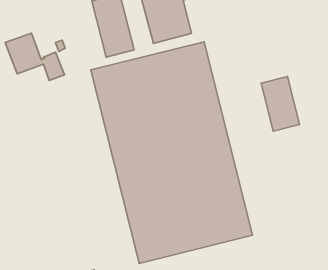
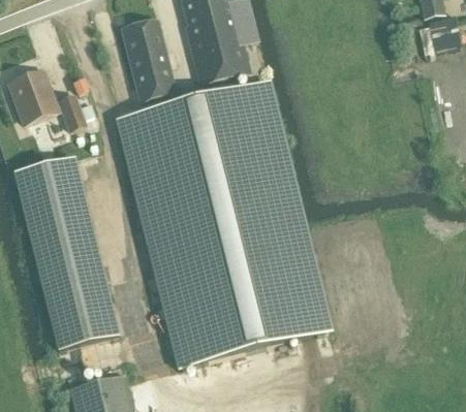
building: [261,76,300,131] -> none
building: none -> [13,155,118,346]

